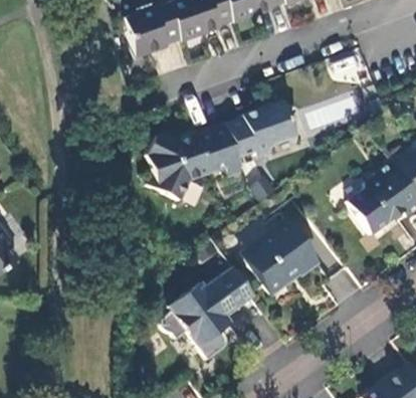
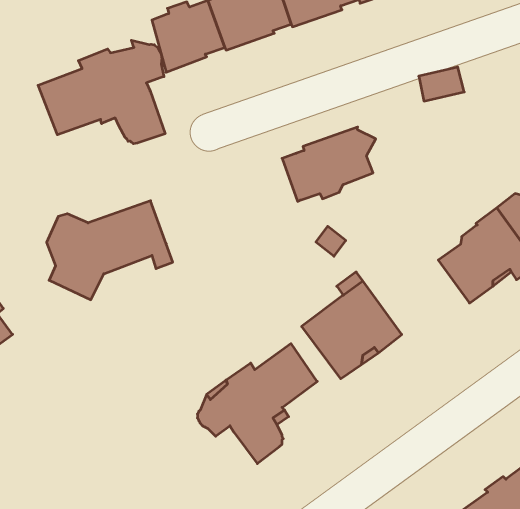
building: none -> [38,40,165,144]
building: [146,124,243,200] -> [47,201,173,300]

